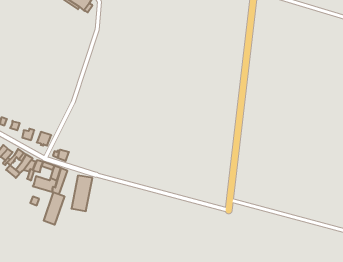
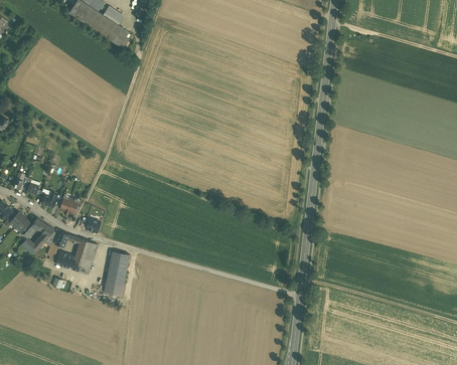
building: [44,192,64,225] -> none

